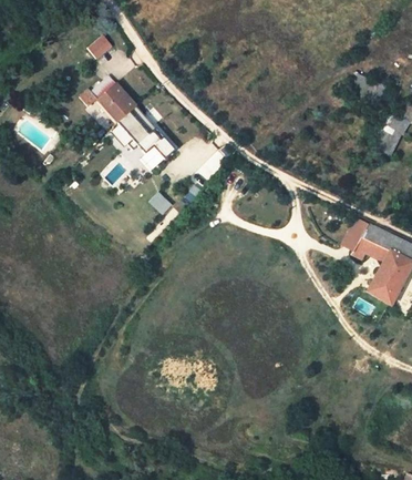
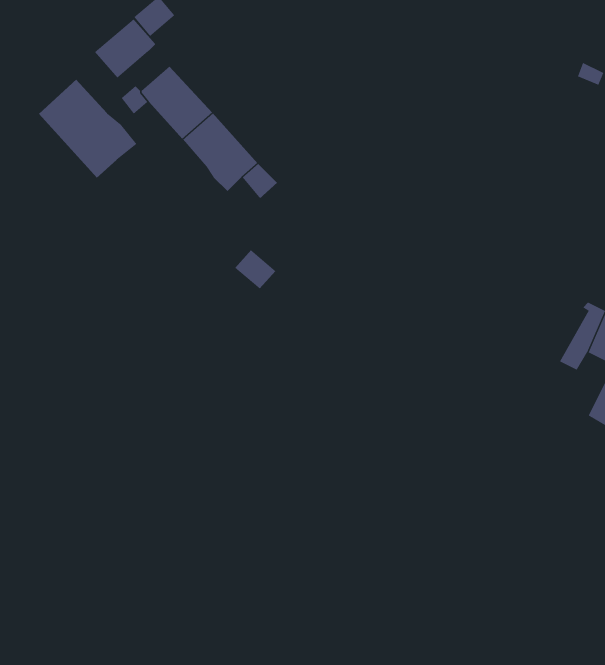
building: none -> [94,19,156,78]
building: none -> [38,79,137,179]

